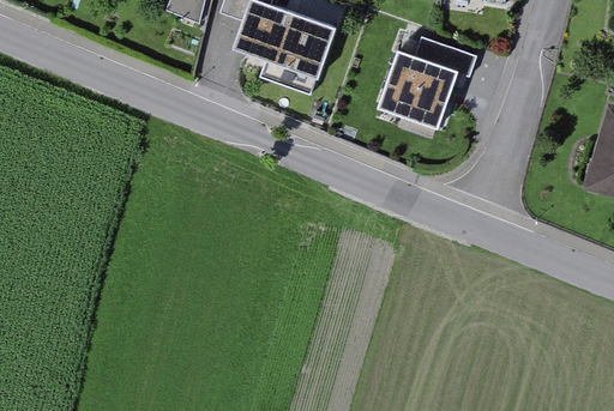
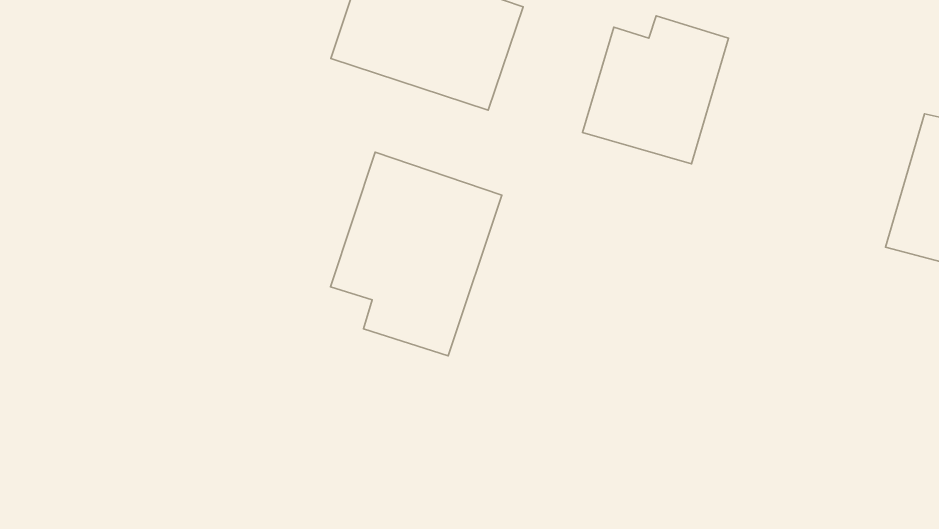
building: none -> [331,152,502,356]

